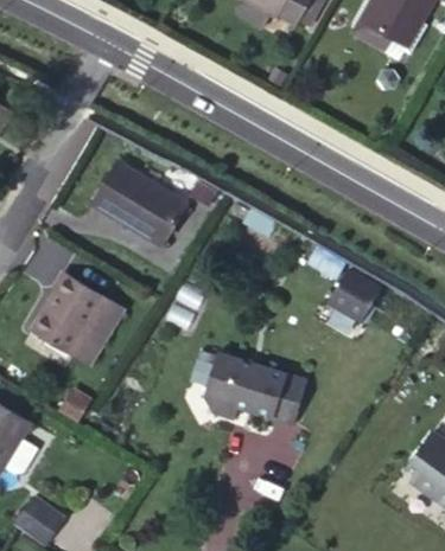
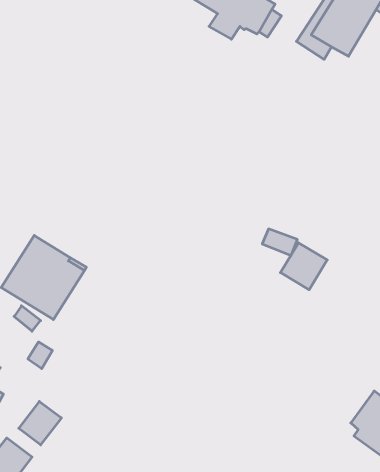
building: [84,147,180,235] -> none
building: [206,355,310,425] -> none
building: none -> [19,401,61,445]

